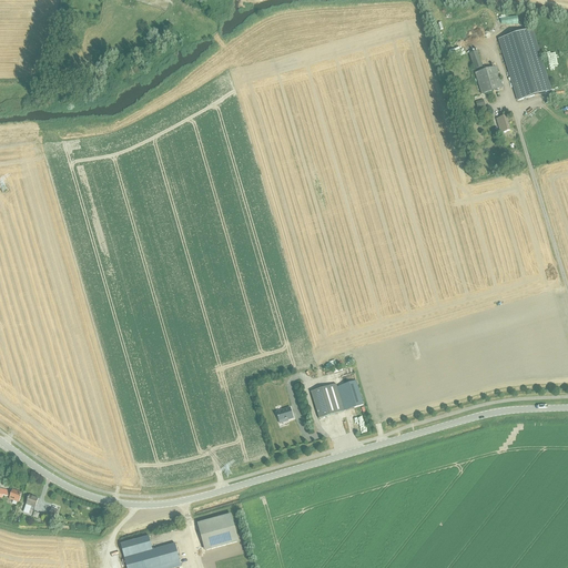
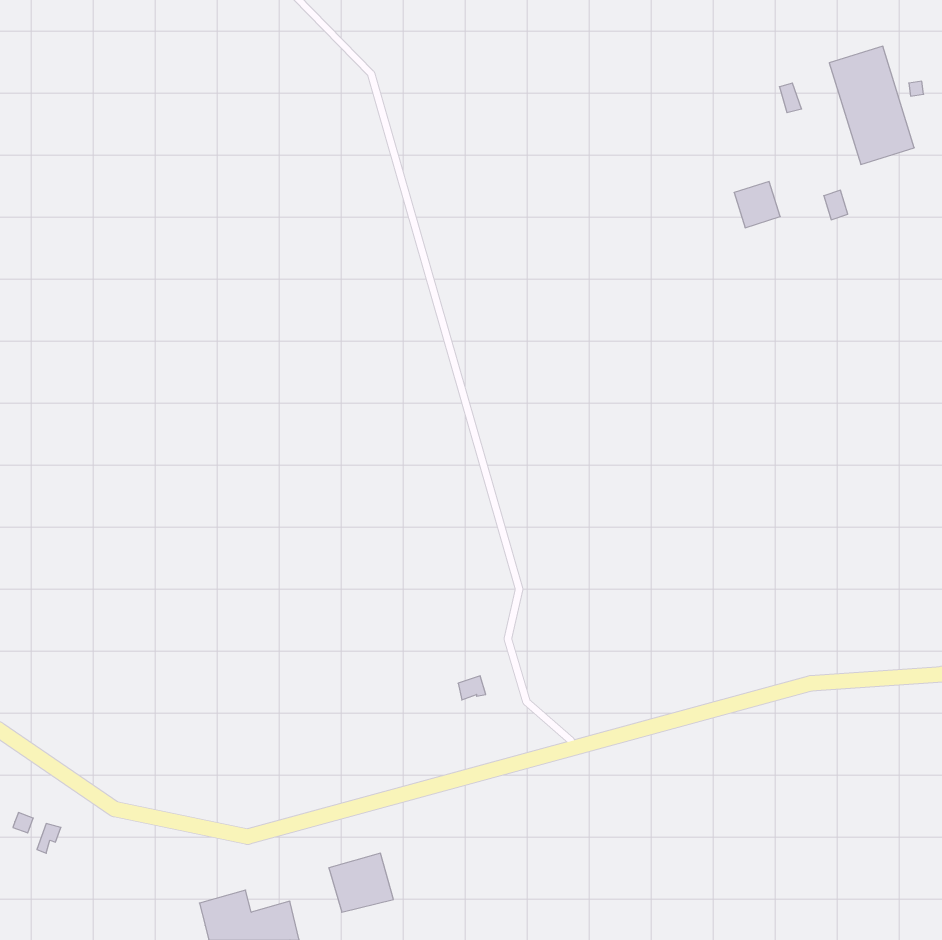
building: [474,64,501,92] -> [734,182,780,228]
building: [310,379,362,417] -> none

